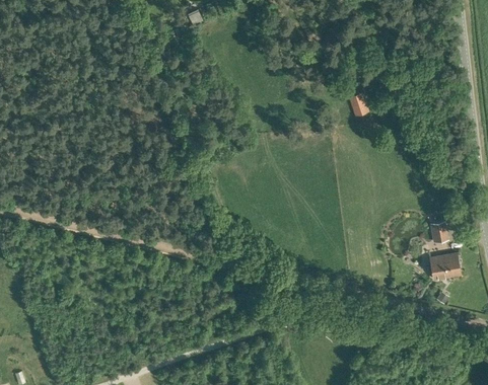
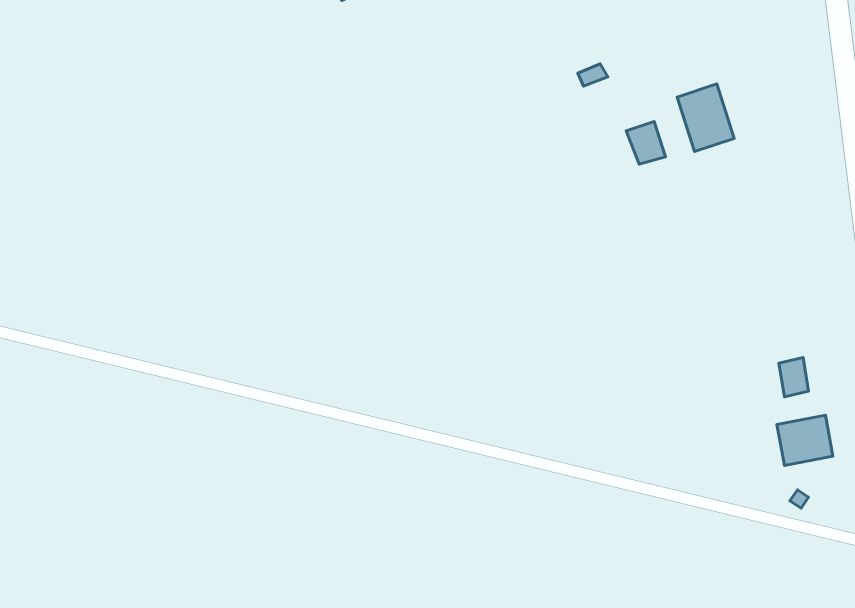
building: none -> [677,84,734,152]

